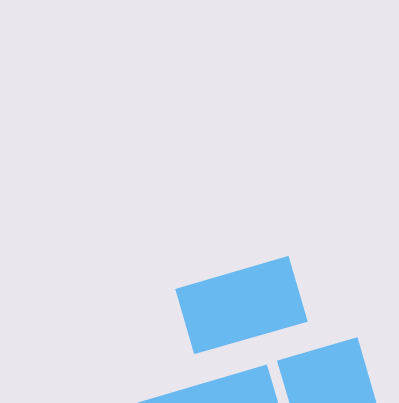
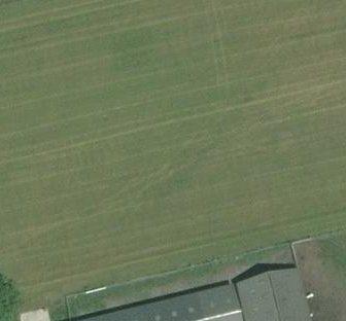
building: [174,255,309,355] -> none

